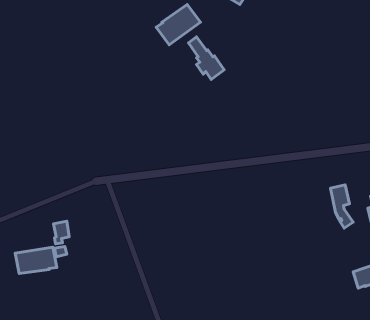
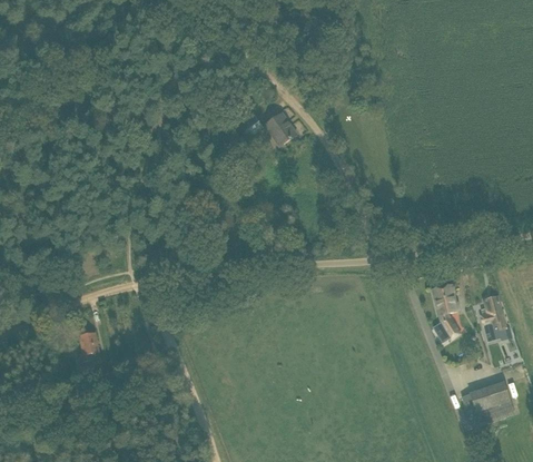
building: [156,5,200,45] -> none
building: [15,247,57,274] -> none

